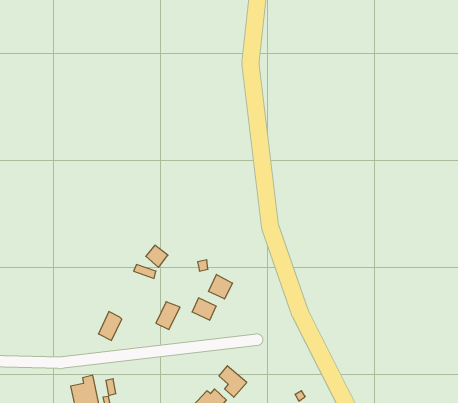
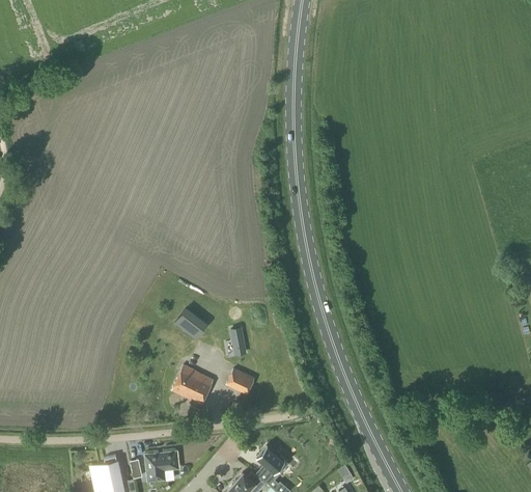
building: [208,274,233,299] -> none
building: [98,312,122,340] -> [172,365,198,398]
building: none -> [145,452,179,482]

